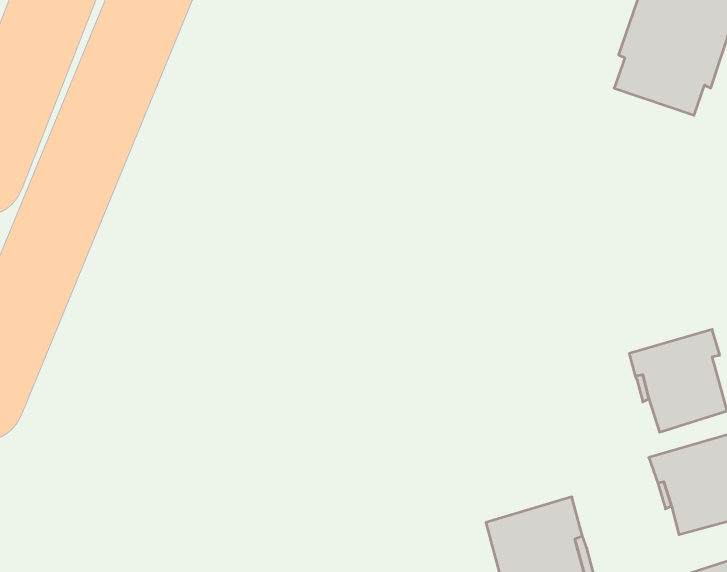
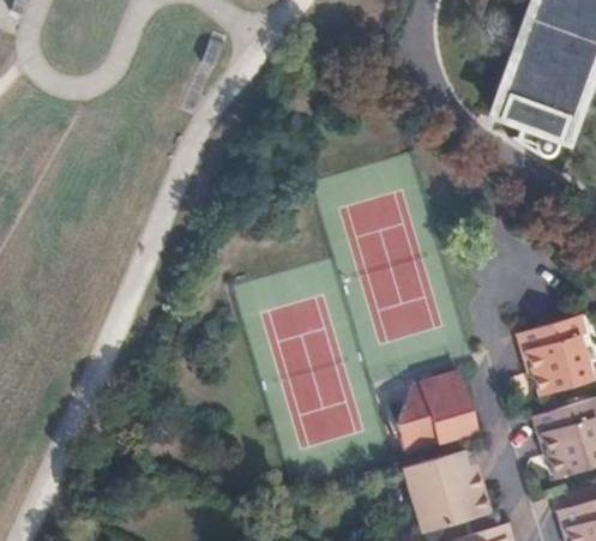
building: none -> [392,371,472,452]

